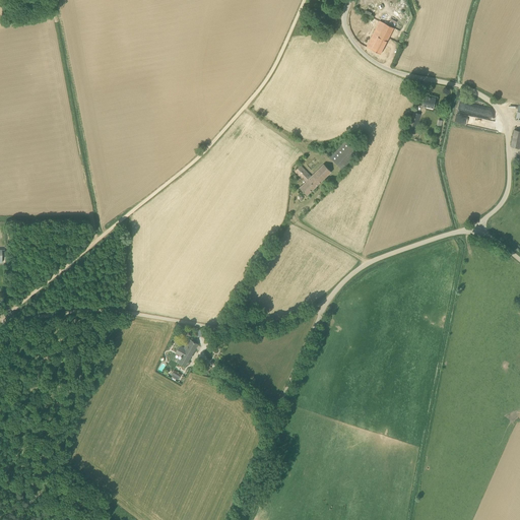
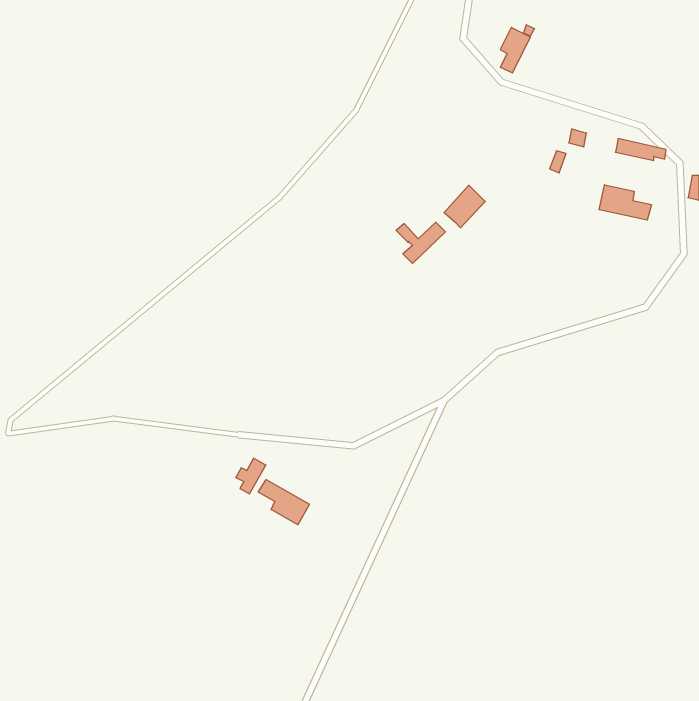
building: none -> [599,185,651,220]
building: none -> [258,480,309,525]

